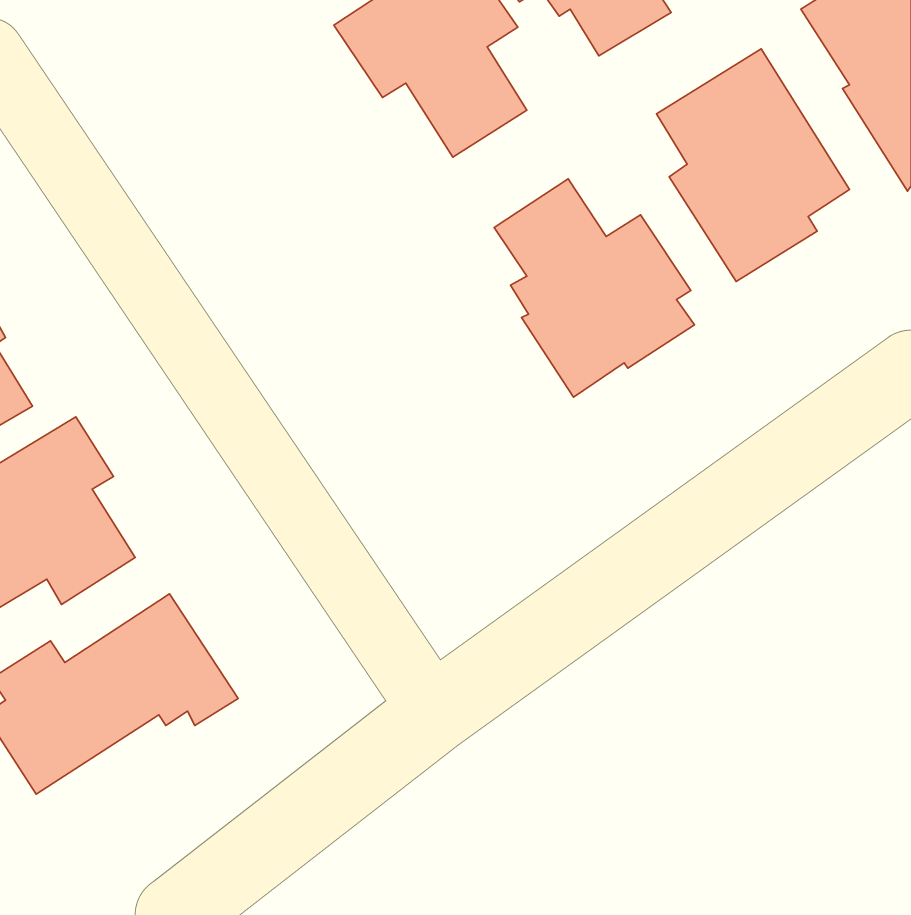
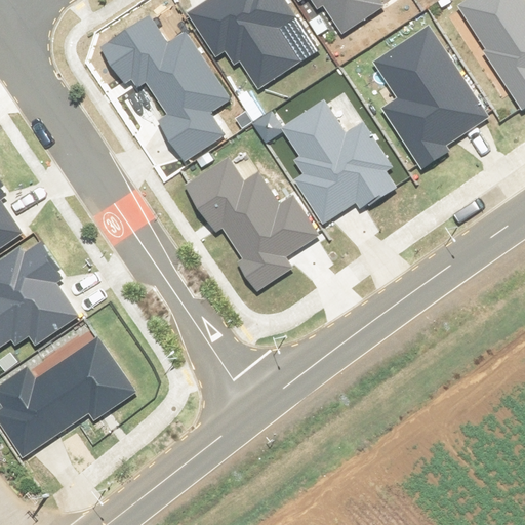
building: none -> [105,16,230,162]
building: none -> [188,158,320,290]

